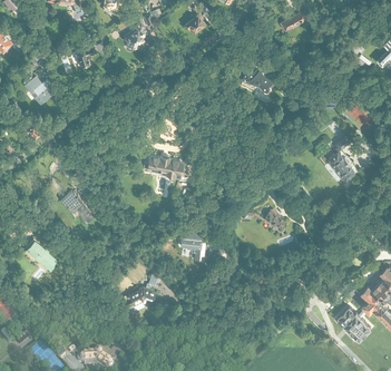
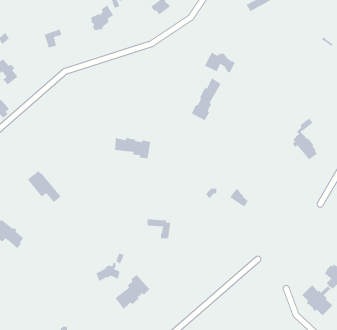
building: none -> [191,77,221,121]
building: none -> [114,274,150,310]

